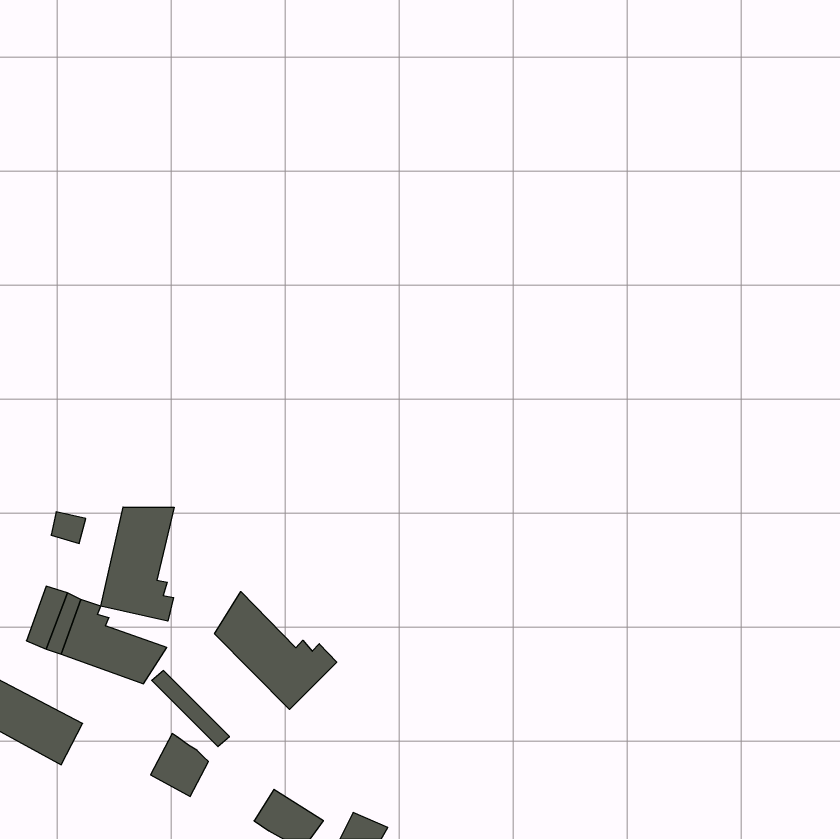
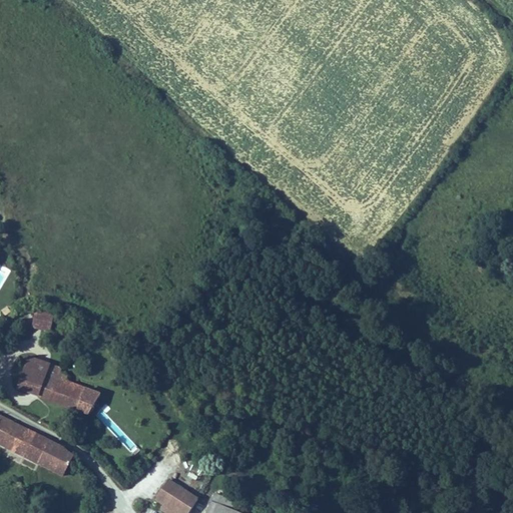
building: [101,507,174,621] -> none
building: [215,592,337,709] -> none
building: [151,734,208,796] -> [37,439,72,477]

